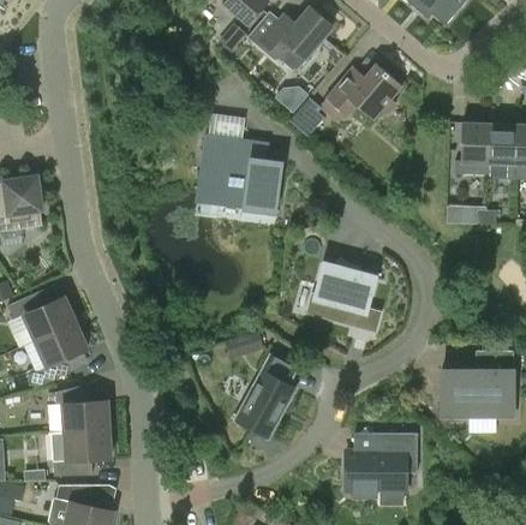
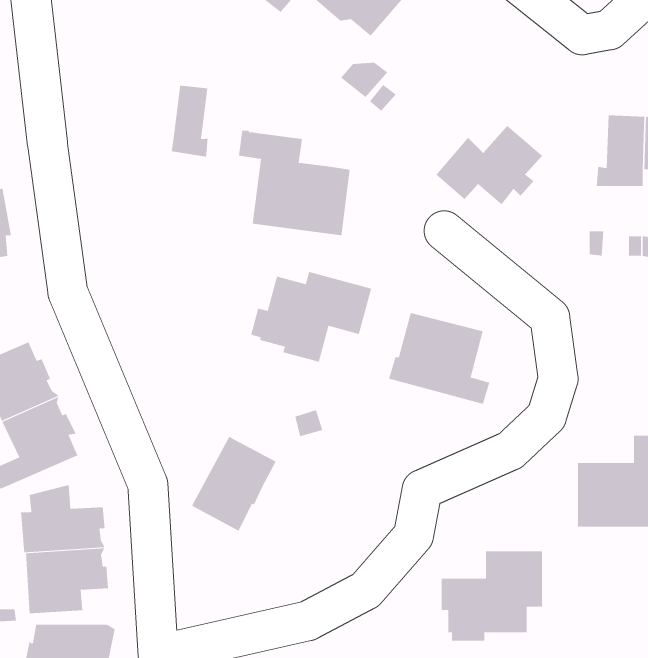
building: [327,64,402,120] -> [435,125,543,205]
building: none -> [171,85,208,158]
building: none -> [251,271,372,362]
building: [234,370,294,437] -> [191,436,276,531]

